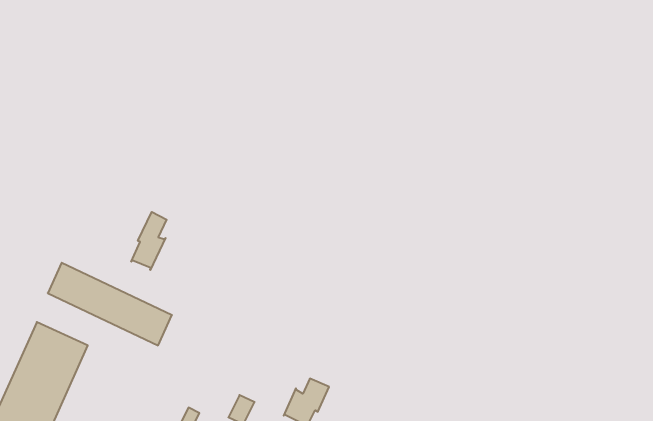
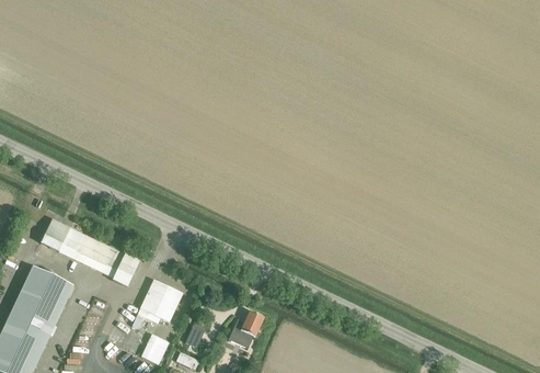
building: [131,212,167,270] -> none
building: none -> [131,280,182,328]

